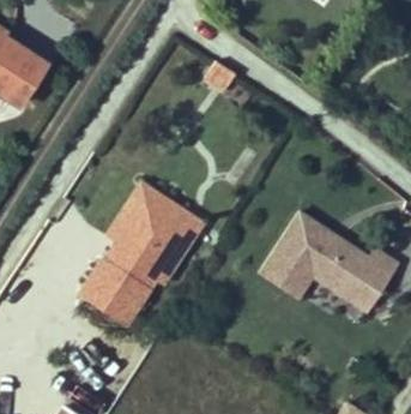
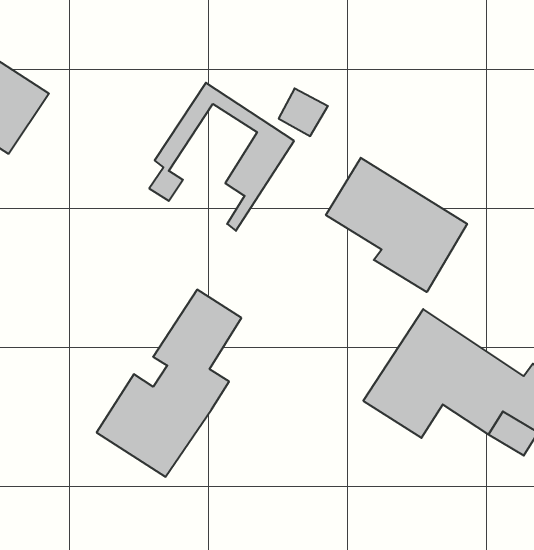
building: none -> [326,158,467,292]
building: [104,184,203,284] -> [149,83,294,231]

